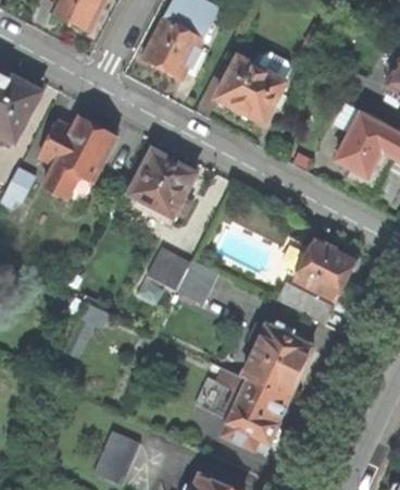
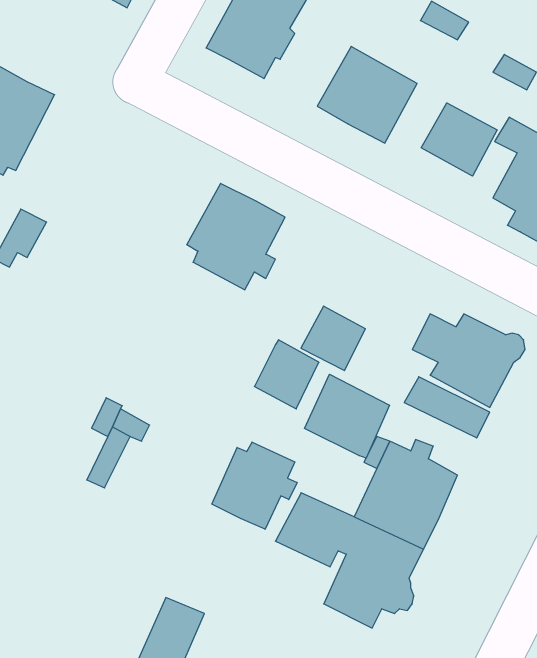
building: none -> [421,103,497,176]
building: [39,117,115,199] -> none
building: [146,243,189,286] -> [301,306,365,371]
building: none -> [305,374,389,458]
building: none -> [212,442,297,529]

